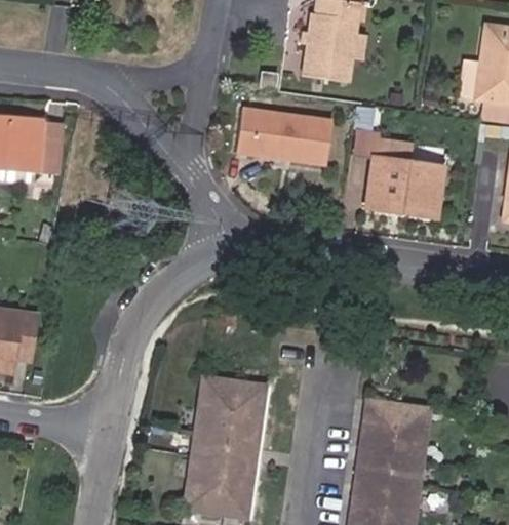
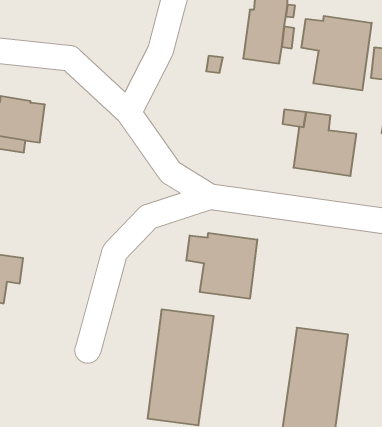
building: none -> [301,16,372,90]
building: [235,107,331,163] -> none
building: none -> [186,233,257,299]

